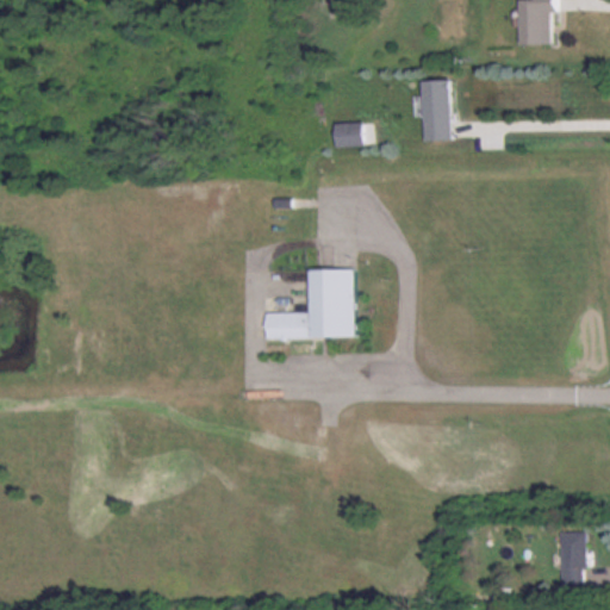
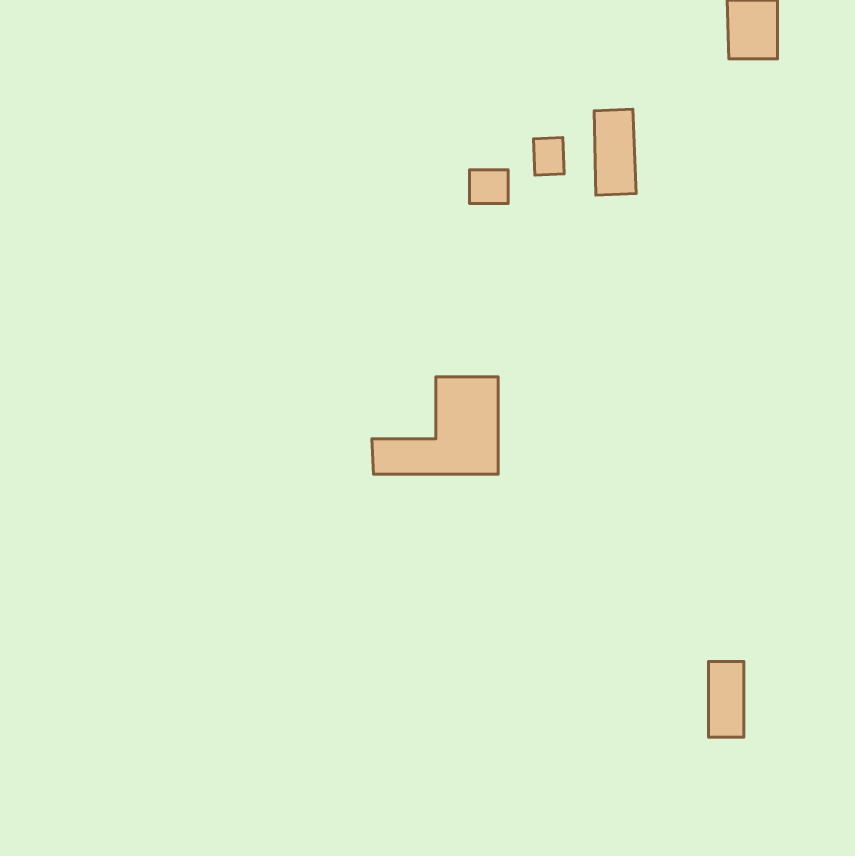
building: none -> [533,138,564,175]
building: [560,533,585,586] -> [708,662,744,737]

